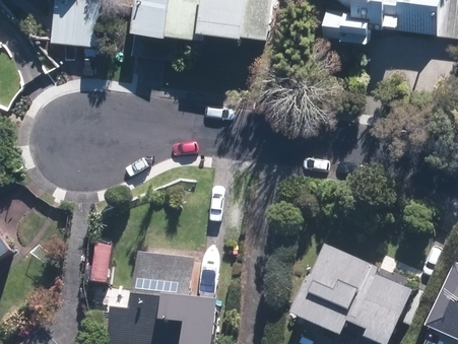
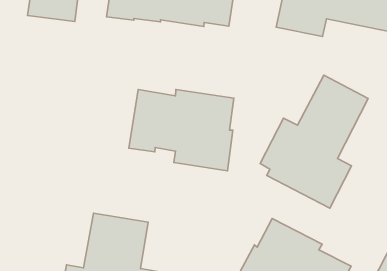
building: none -> [260,75,368,208]
building: none -> [129,89,234,171]

